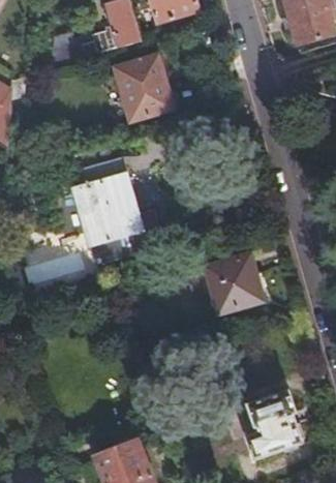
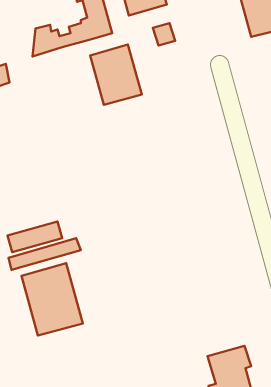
building: [72,173,152,243] -> none
building: [205,254,263,314] -> none
building: none -> [22,263,83,335]

